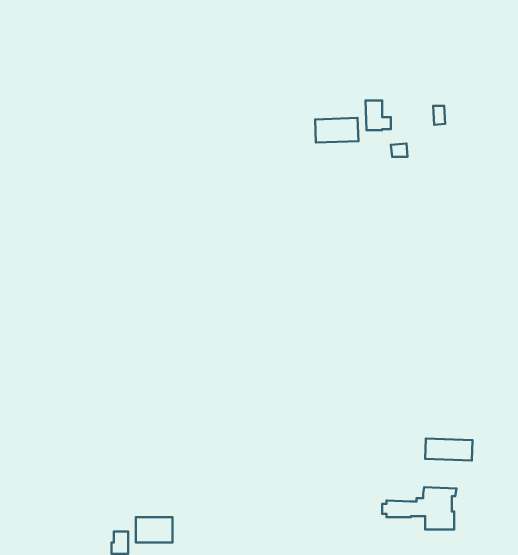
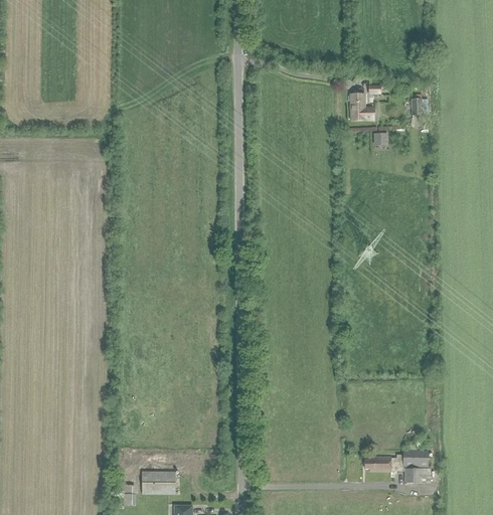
building: [315,118,358,143] -> none
building: [425,439,472,460] -> none

